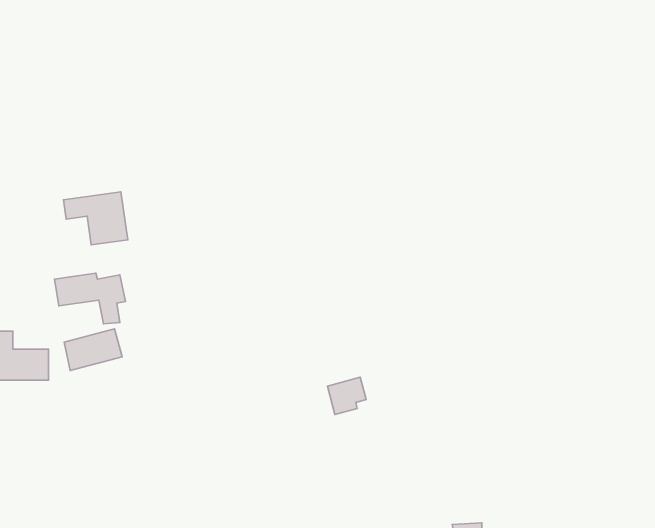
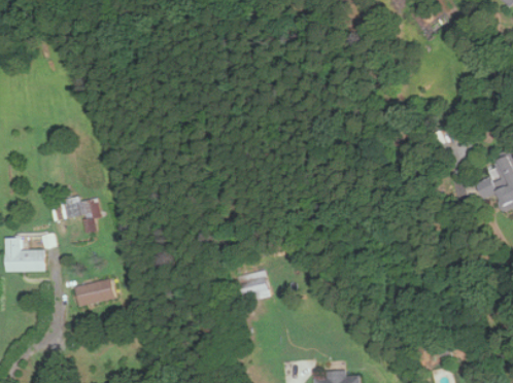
building: [63,192,128,245] -> none
building: [64,329,122,370] -> [74,278,114,307]

